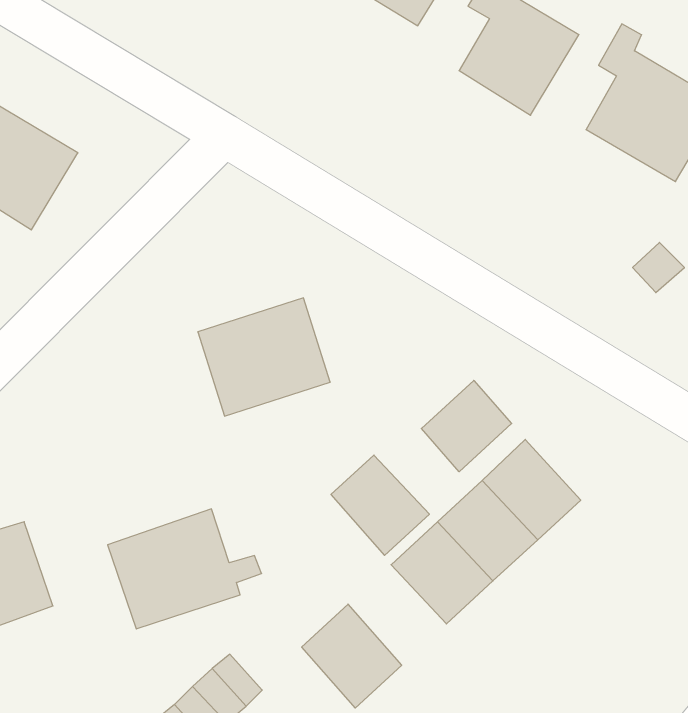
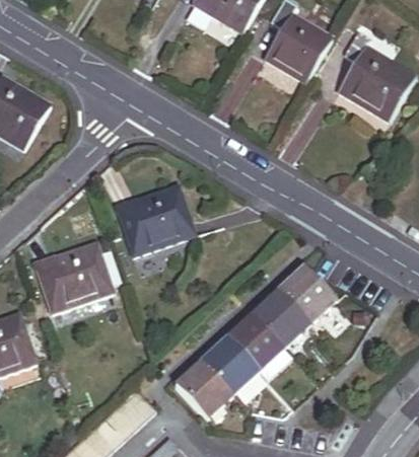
building: [421,380,512,472] -> none
building: [331,455,429,555] -> [202,338,258,395]
building: [108,509,262,629] -> [36,243,123,311]

